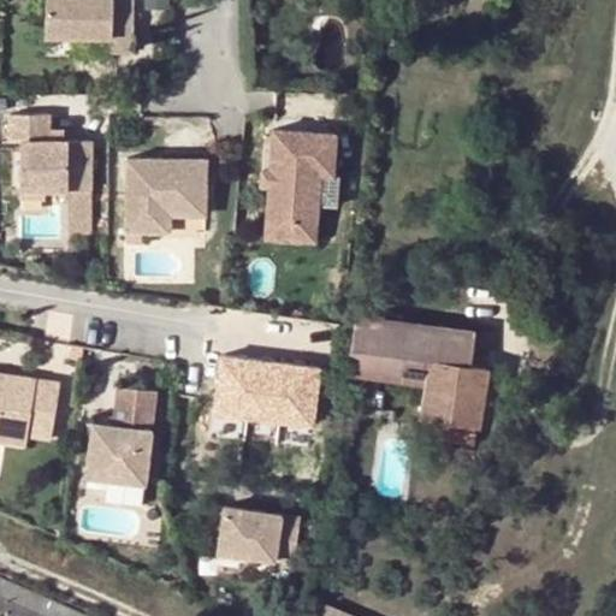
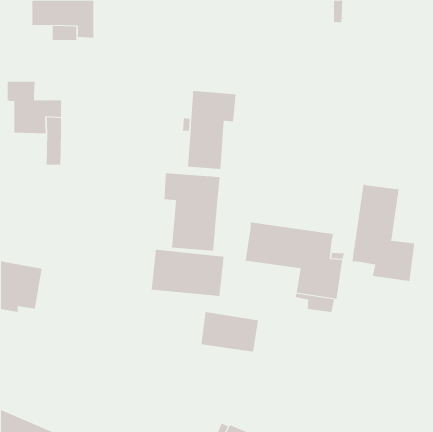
building: [125,160,205,235] -> none
building: none -> [164,172,220,251]
building: none -> [352,183,415,282]
building: [87,386,156,484] -> none
building: [218,505,301,563] -> [201,312,259,352]

